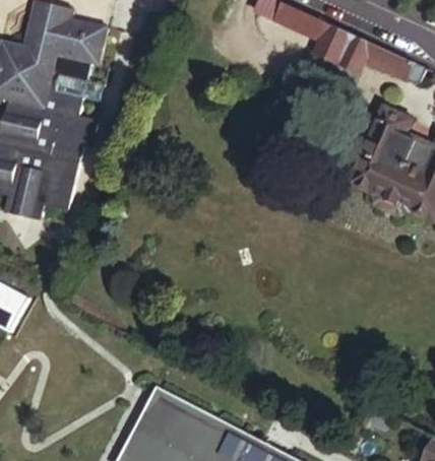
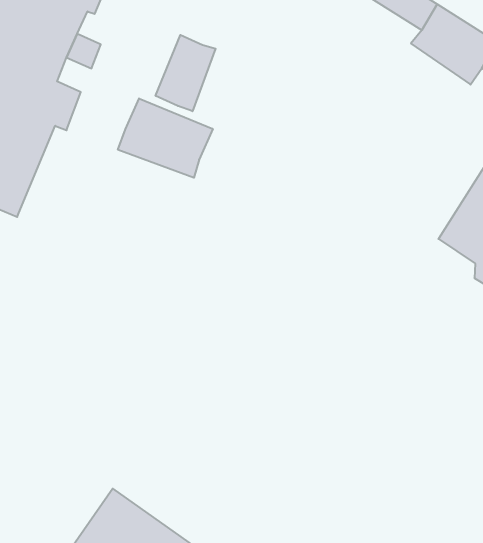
building: none -> [156,35,216,111]
building: none -> [118,98,213,178]

